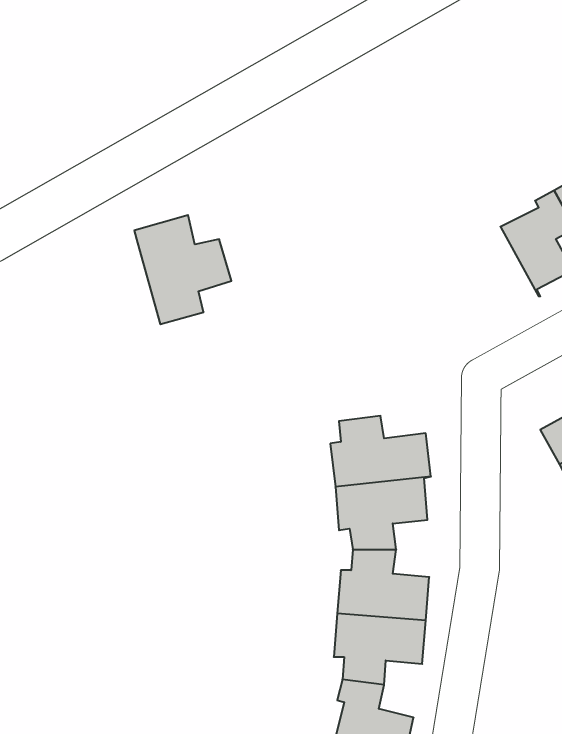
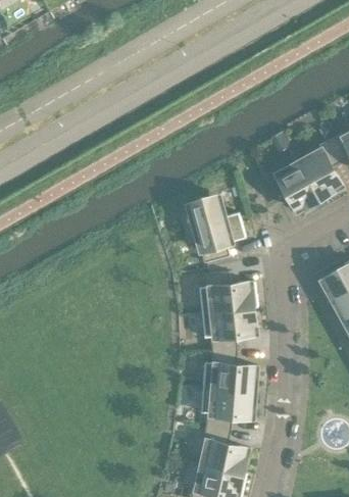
building: [134,215,231,324] -> [188,199,245,263]
building: none -> [263,160,320,213]

